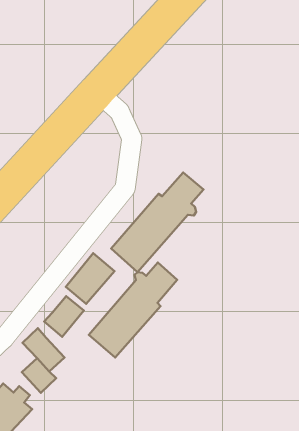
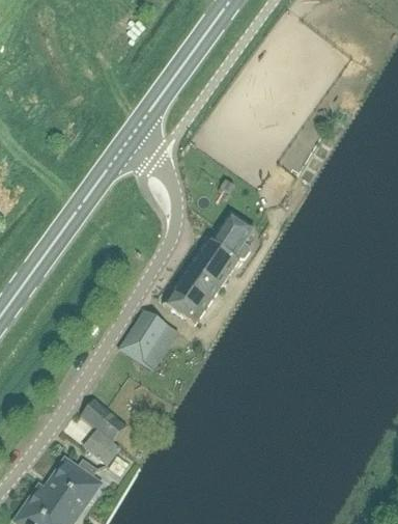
building: [89,262,177,357] -> none
building: [44,296,84,337] -> none

